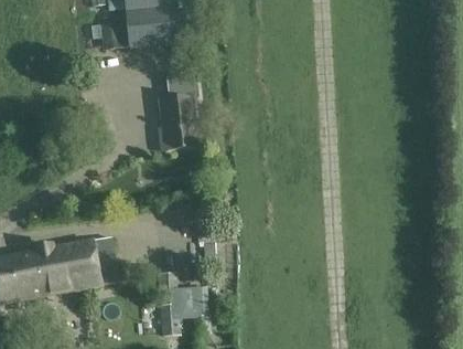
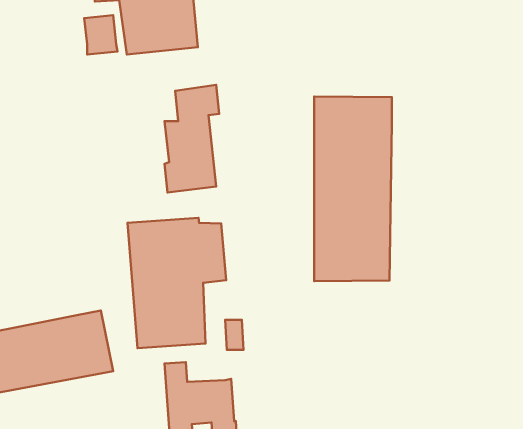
building: none -> [314,96,392,281]
building: none -> [127,218,226,348]

